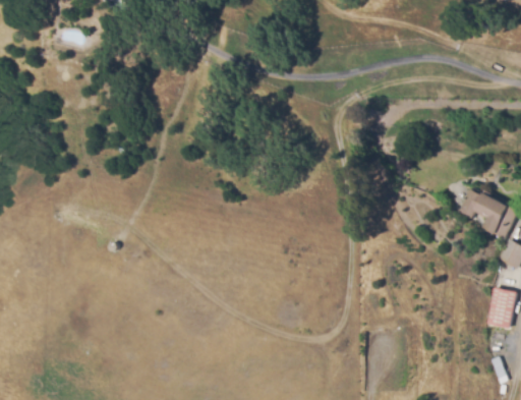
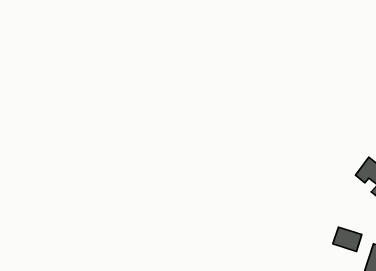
building: none -> [333,227,362,252]

